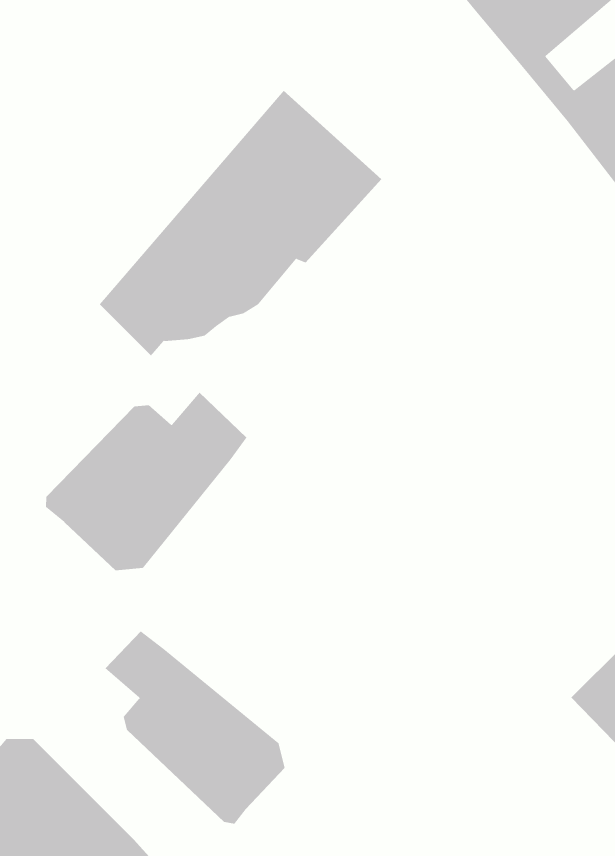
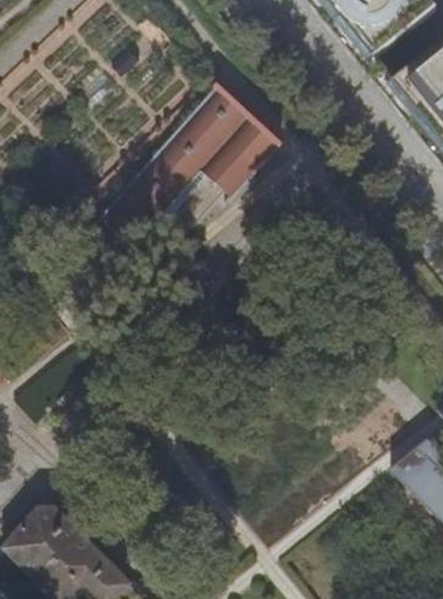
building: [45,392,247,571] -> none
building: [104,630,285,825] -> none

